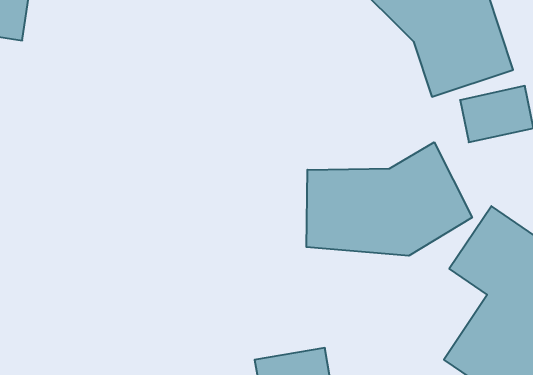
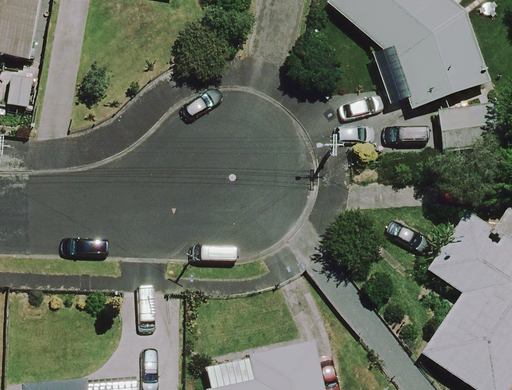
building: [306,142,472,256] -> none

